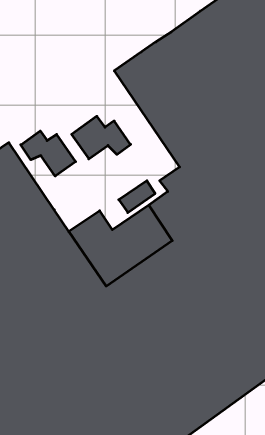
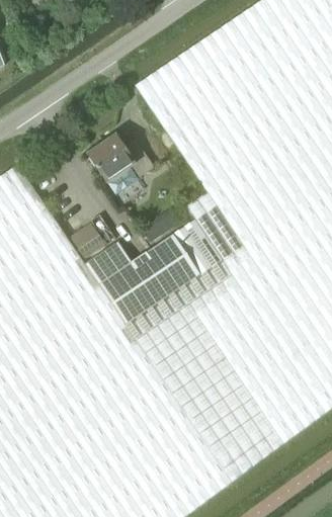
building: [21,131,76,176] -> none
building: none -> [70,225,103,258]

